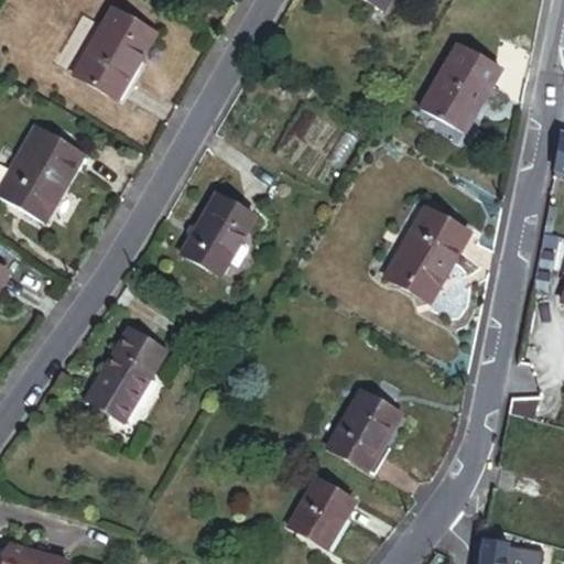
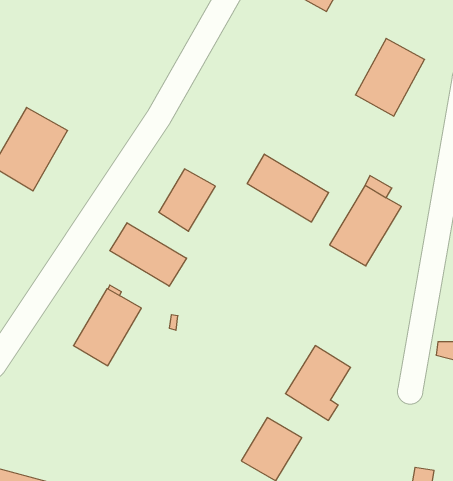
building: [76,6,154,95] -> none
building: none -> [247,154,329,222]
building: none -> [110,223,187,286]

